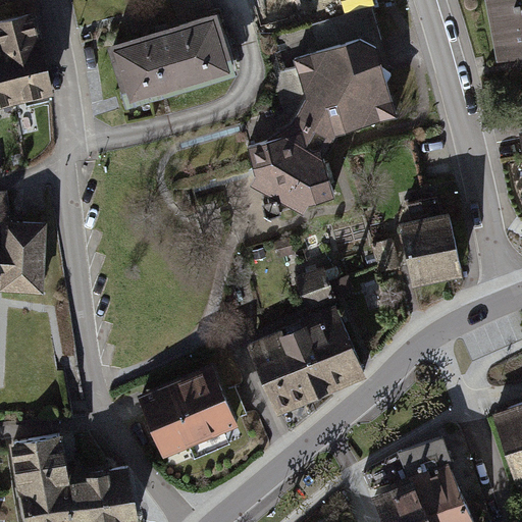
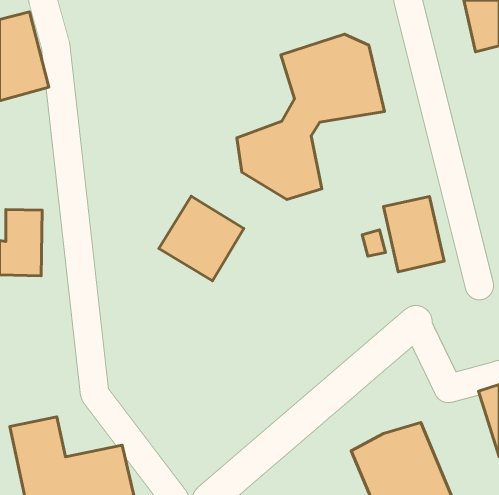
building: [107,10,237,108] -> none
building: none -> [159,196,244,281]
building: [249,274,363,407] -> none
building: [139,370,234,454] -> none

